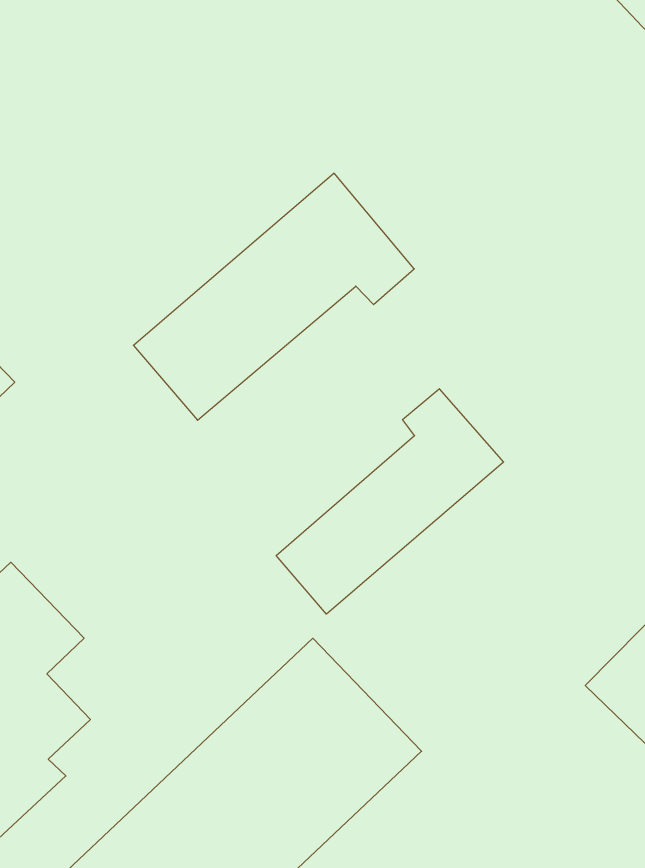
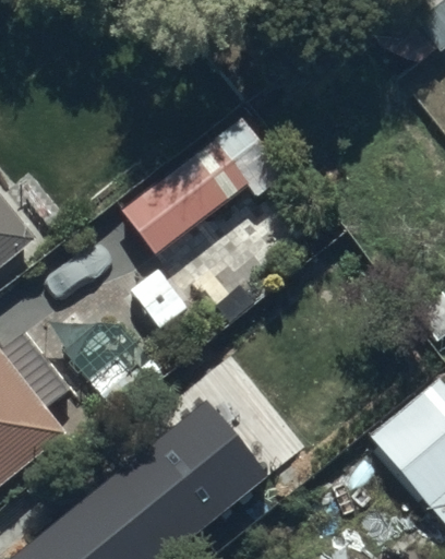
building: [276,389,504,614] -> none

